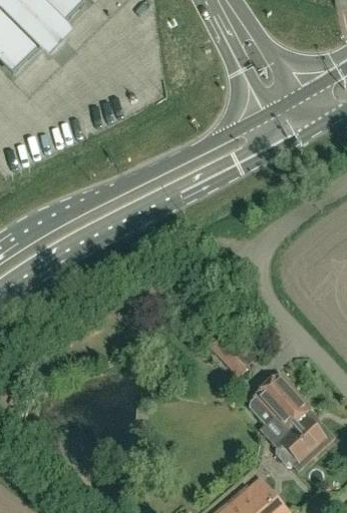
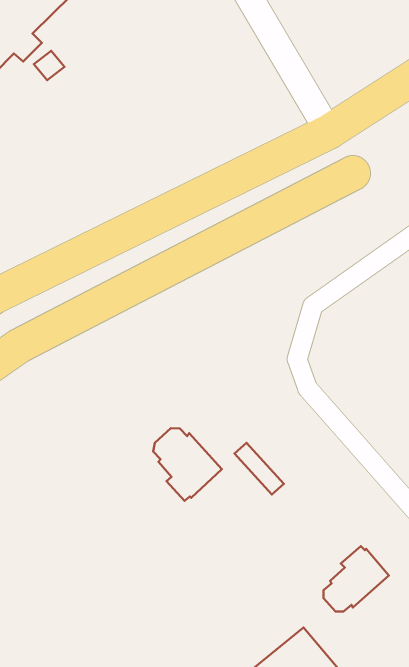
building: none -> [153,428,222,501]
building: [251,373,312,432] -> none

